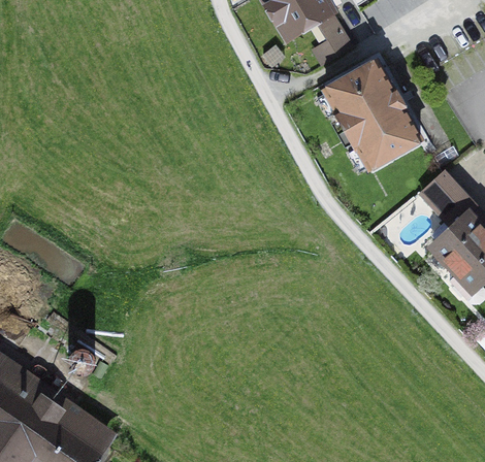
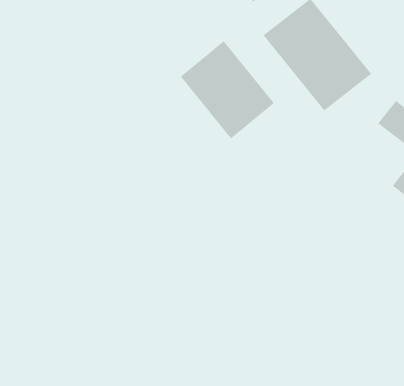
building: none -> [180,40,275,139]

